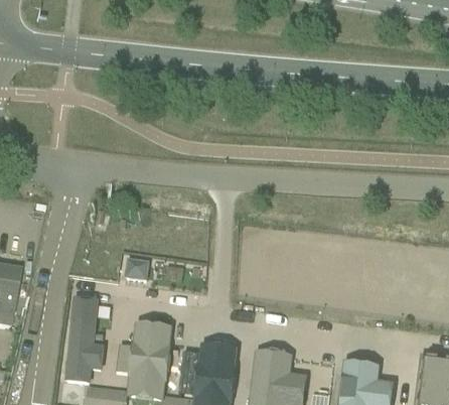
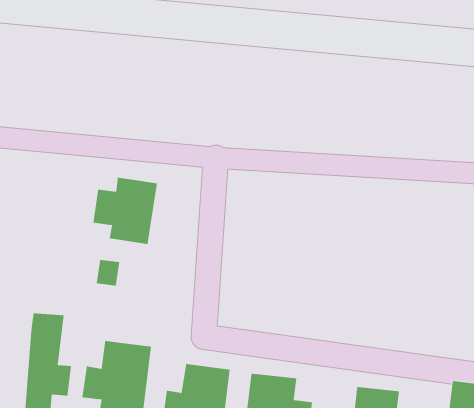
building: none -> [93,177,157,245]

